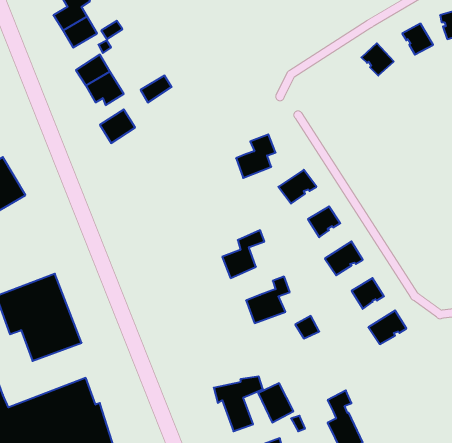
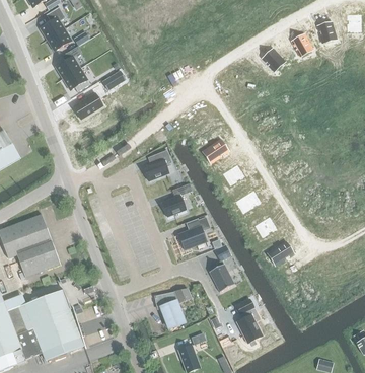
building: [236,134,276,178] -> [143,149,171,180]
building: [258,383,293,423] -> [209,264,234,292]

